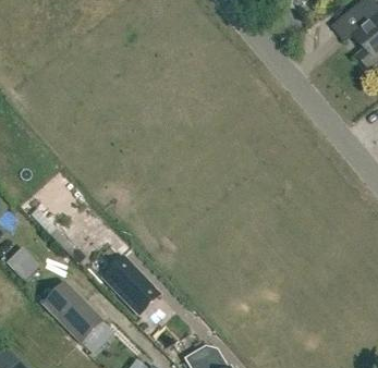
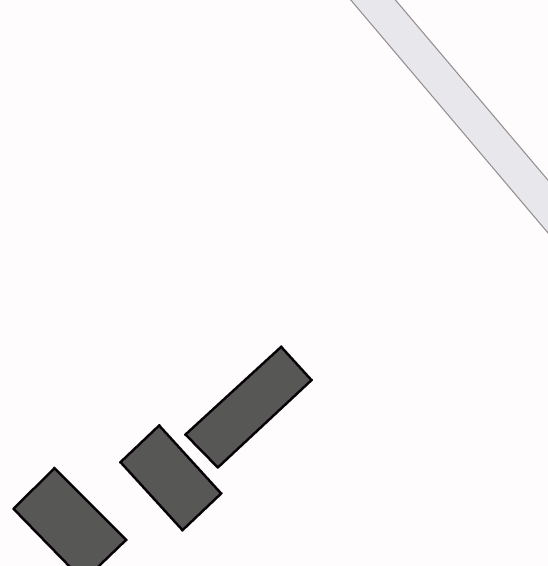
building: none -> [185,347,312,467]

